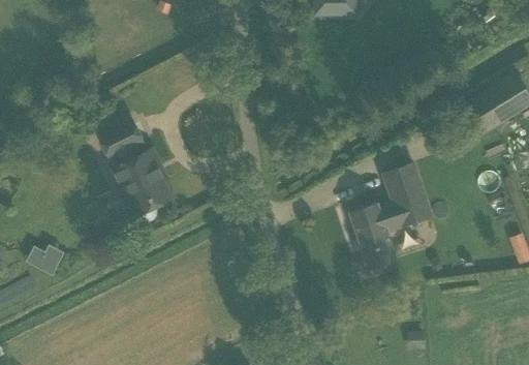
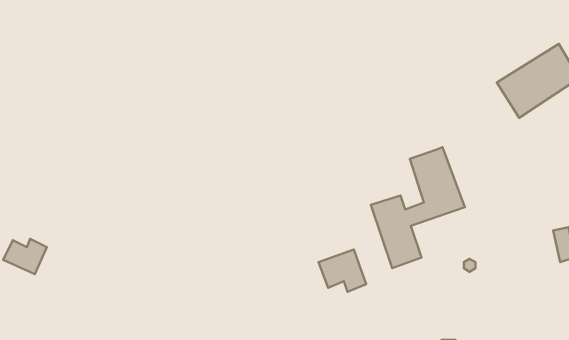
building: [97,122,169,222] -> none
building: none -> [318,249,366,292]

